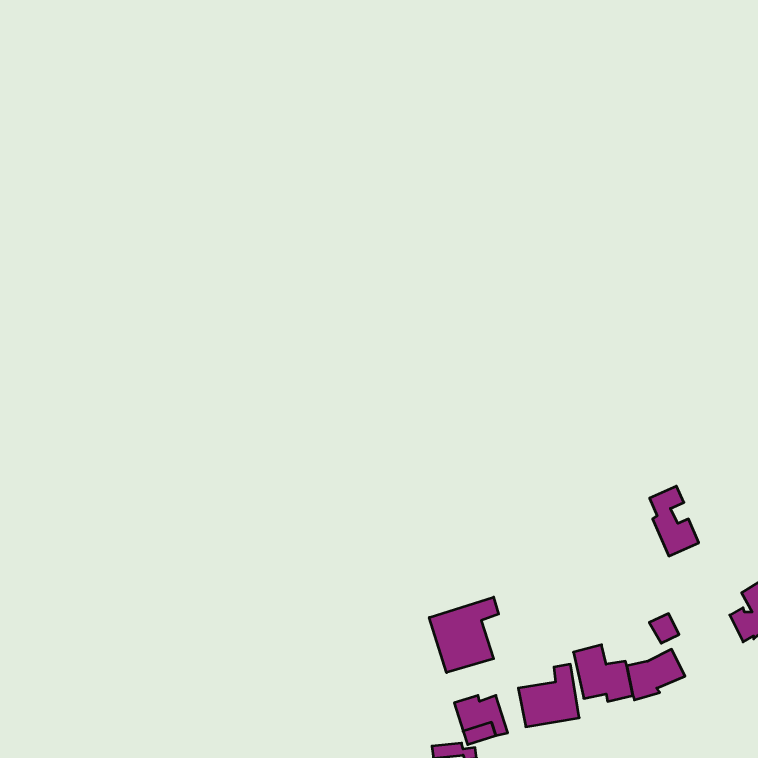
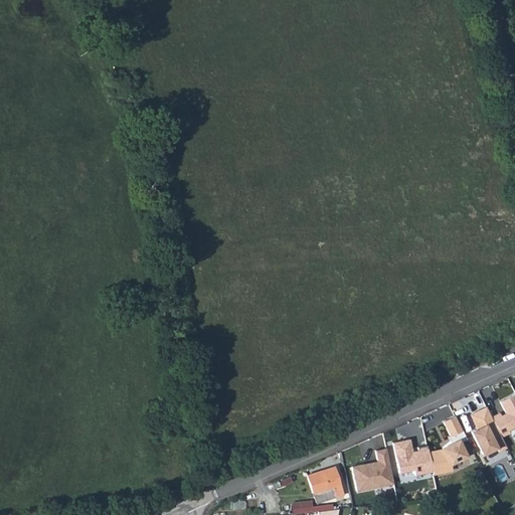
building: [650,486,699,556] -> [470,407,503,455]
building: [429,597,499,673] -> none

